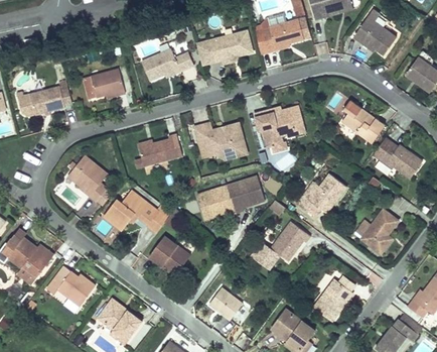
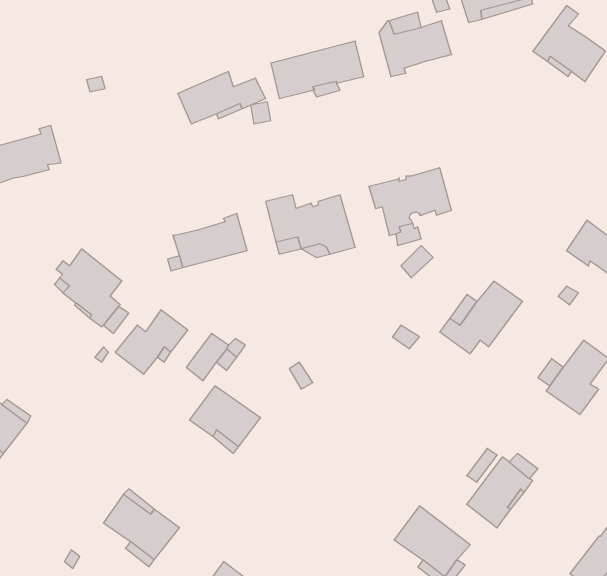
building: [83,69,125,99] -> none
building: [341,100,385,143] -> none
building: [196,175,264,219] -> none
building: [251,221,310,269] -> none
building: [46,266,95,306] -> none
building: [208,287,242,320] -> none

